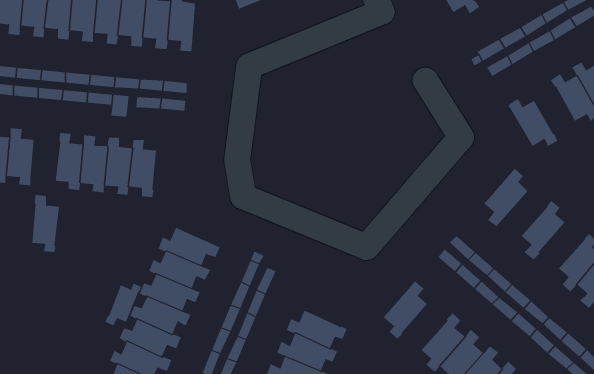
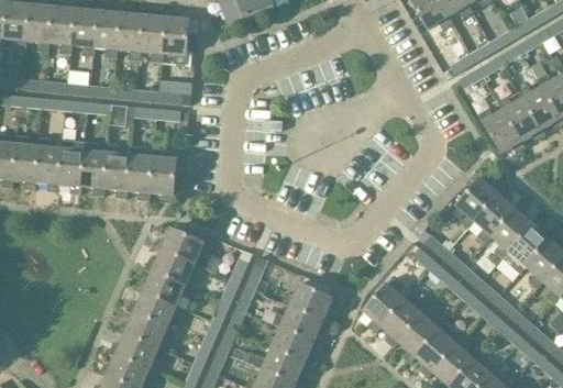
building: none -> [498,97,545,141]
building: none -> [150,147,177,202]
building: none -> [474,188,515,243]
building: [31,195,60,253] -> [36,137,63,191]
building: none -> [508,218,550,273]
building: [105,283,142,326] -> none
building: none -> [282,284,340,320]
building: none -> [380,292,422,347]

